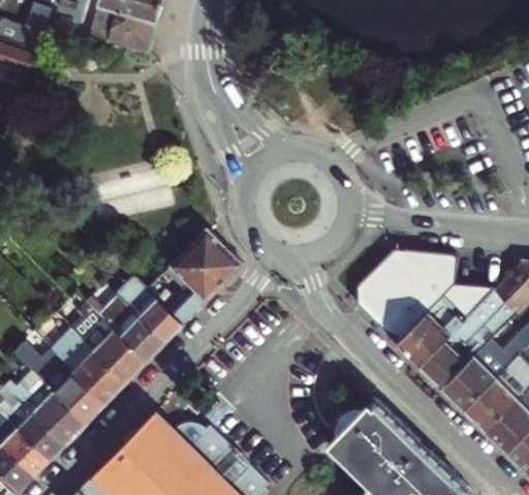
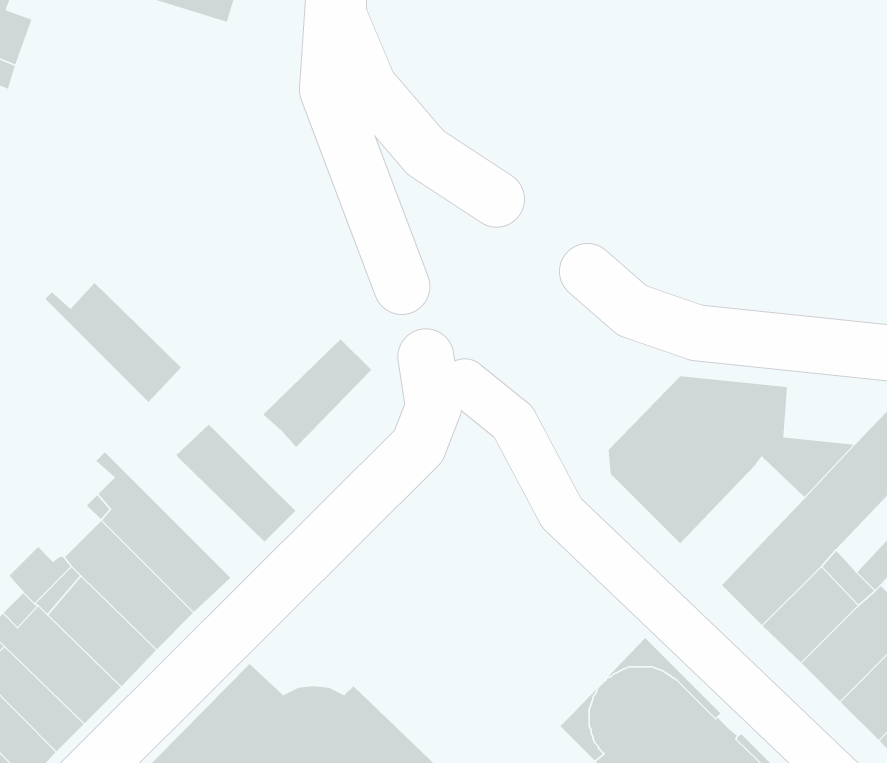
building: [165,247,244,326] -> none
building: [89,296,165,363] -> [44,282,182,403]
building: [397,300,462,367] -> none

